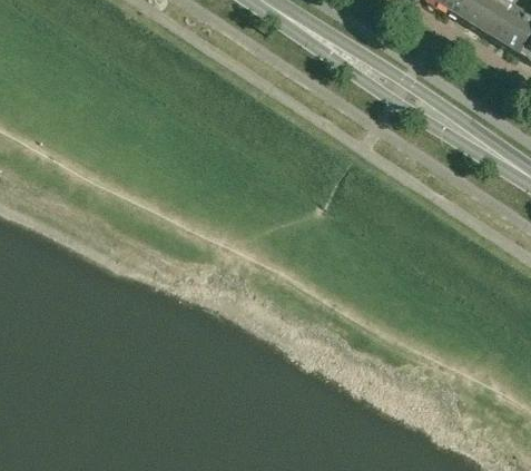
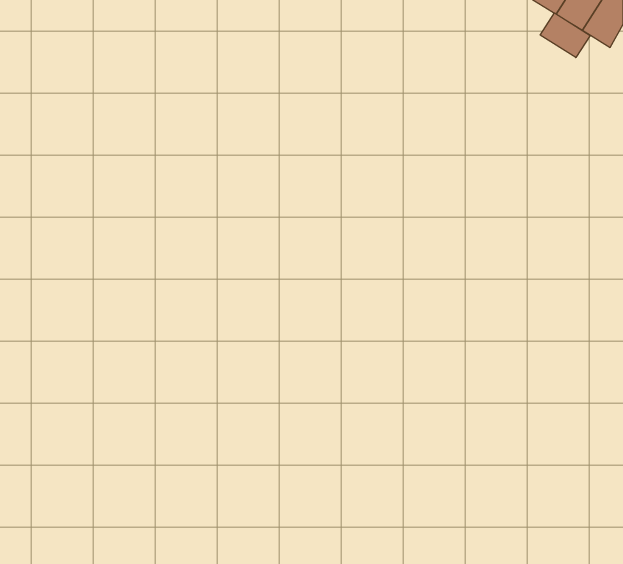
building: none -> [540,13,590,58]

